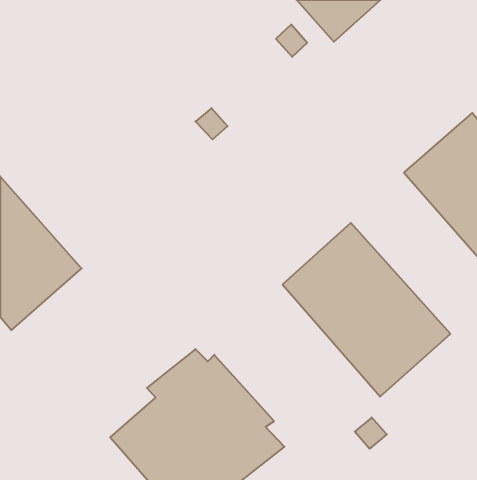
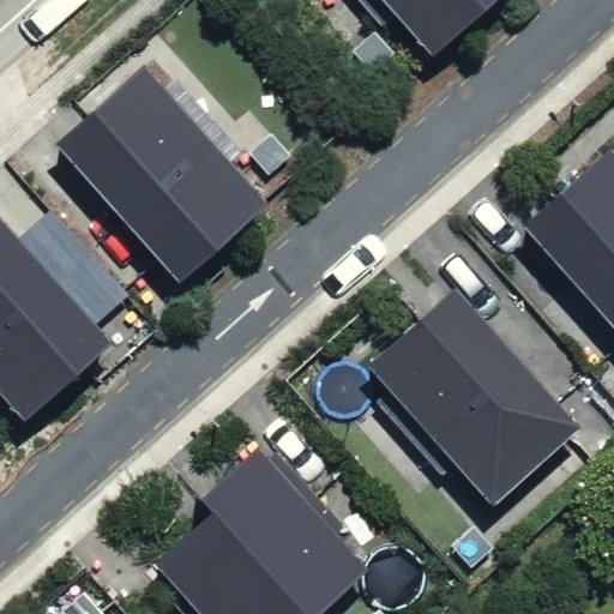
building: none -> [56,65,269,283]

